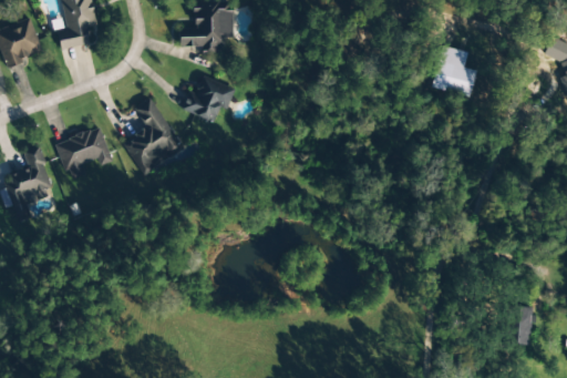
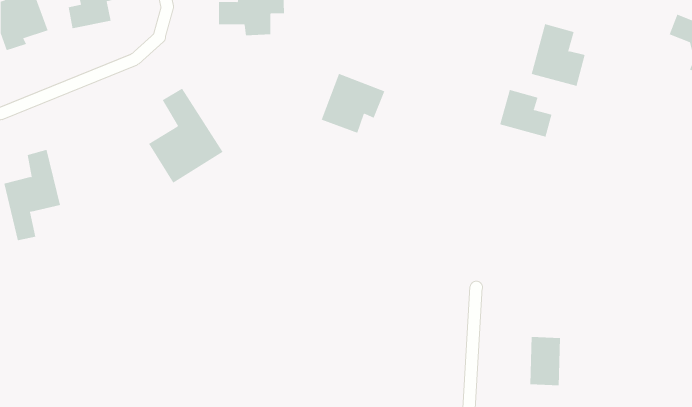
building: [184,73,236,122] -> [321,73,385,133]
building: none -> [500,89,552,137]
building: [54,127,112,180] -> none
building: [507,306,533,346] -> [529,337,561,386]

